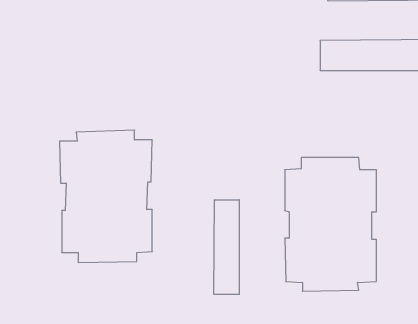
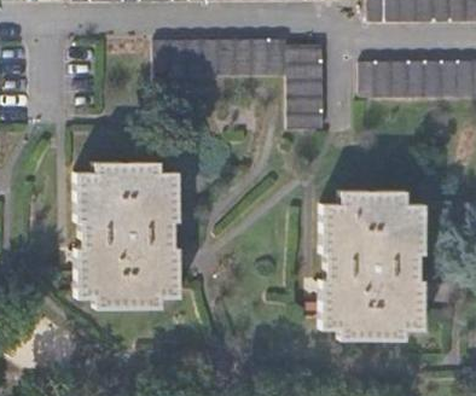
building: none -> [156,40,324,129]
building: [214,200,239,294] -> none

